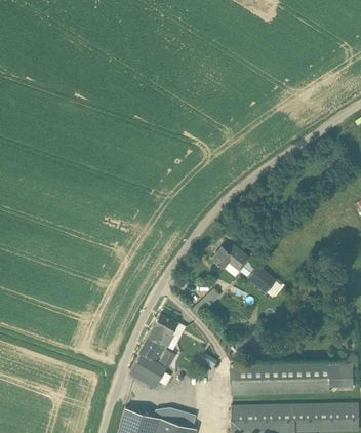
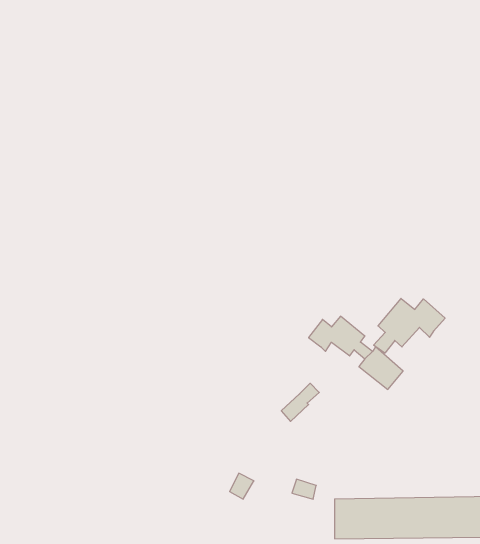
building: none -> [374,298,445,353]
building: [130,312,177,388] -> none

